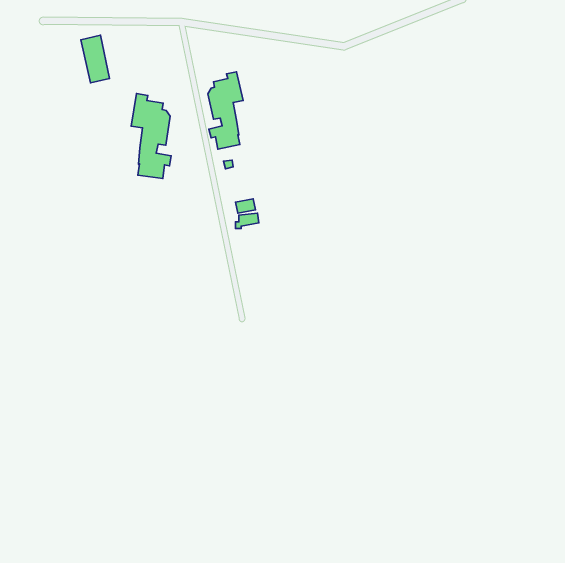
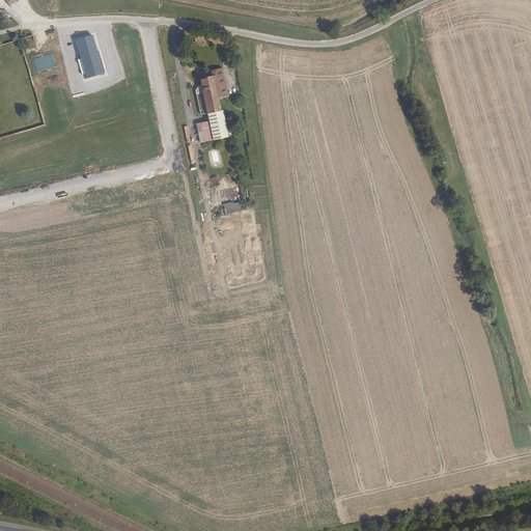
building: [131,94,171,179] -> none

